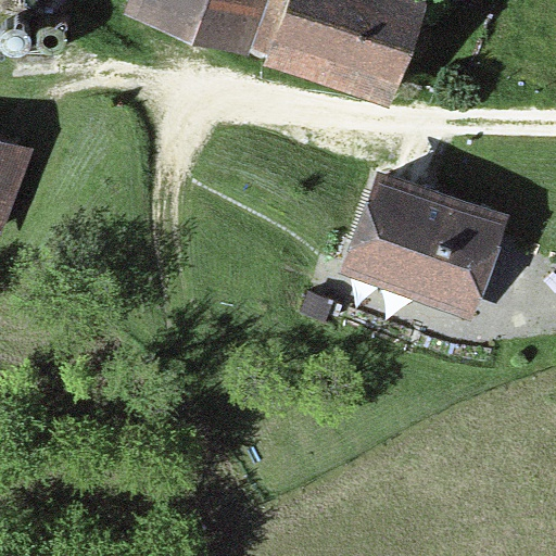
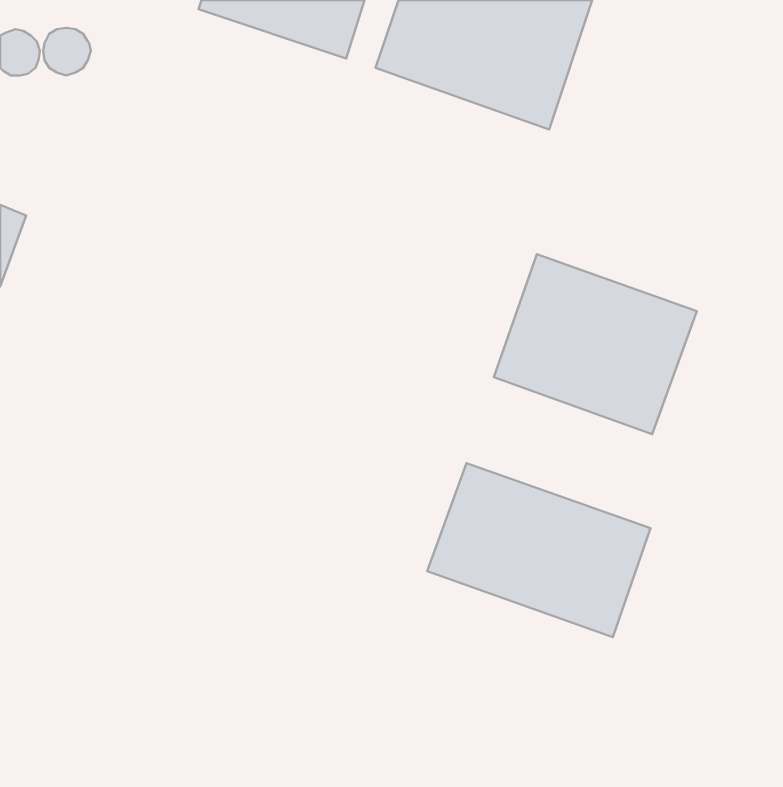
building: none -> [427,463,650,637]

